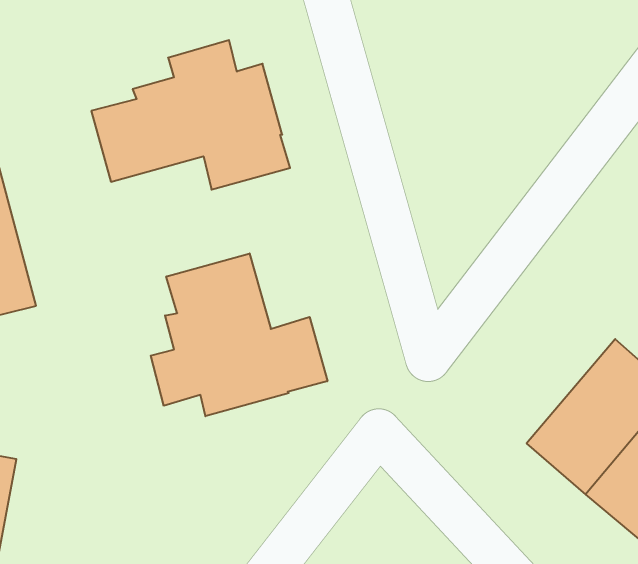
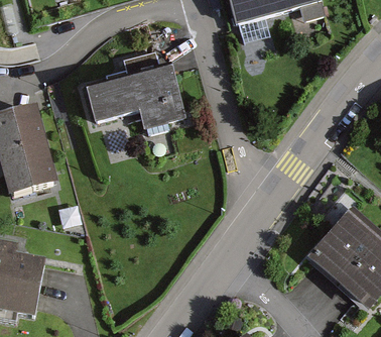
building: [151,253,327,416] -> none

